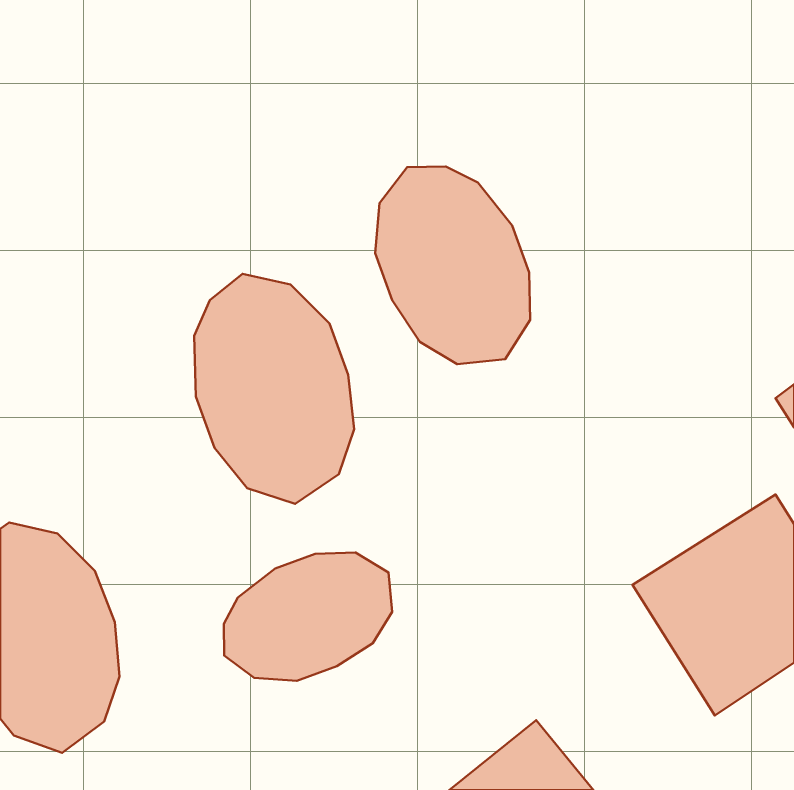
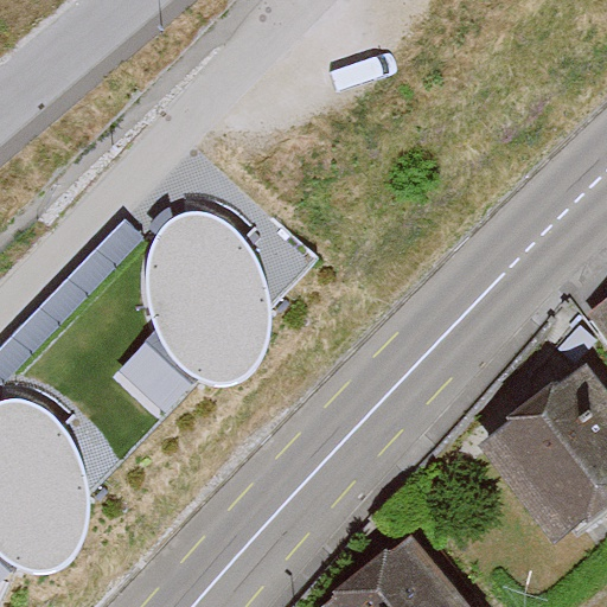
building: [375,167,530,364] -> none
building: [224,553,392,681] -> none

